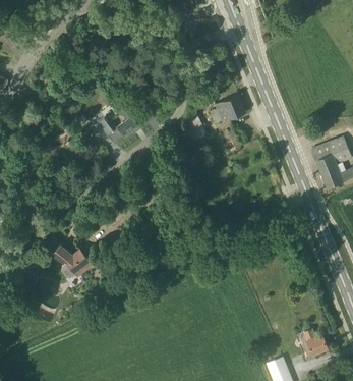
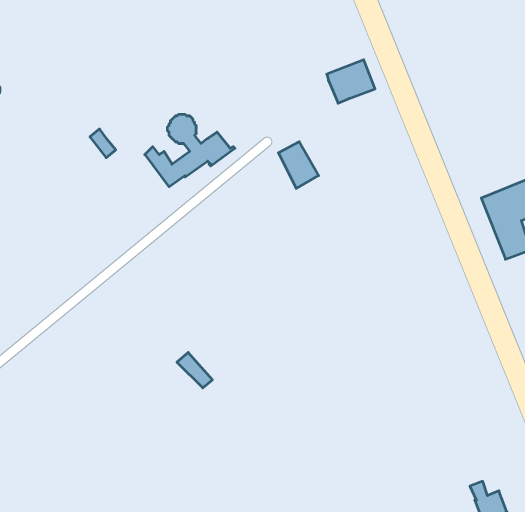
building: [214,95,244,122] -> [327,60,375,103]
building: [51,246,91,278] -> none

